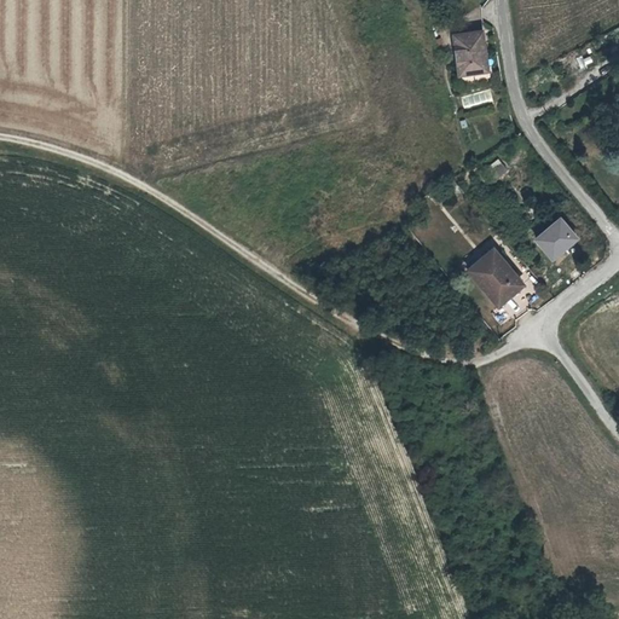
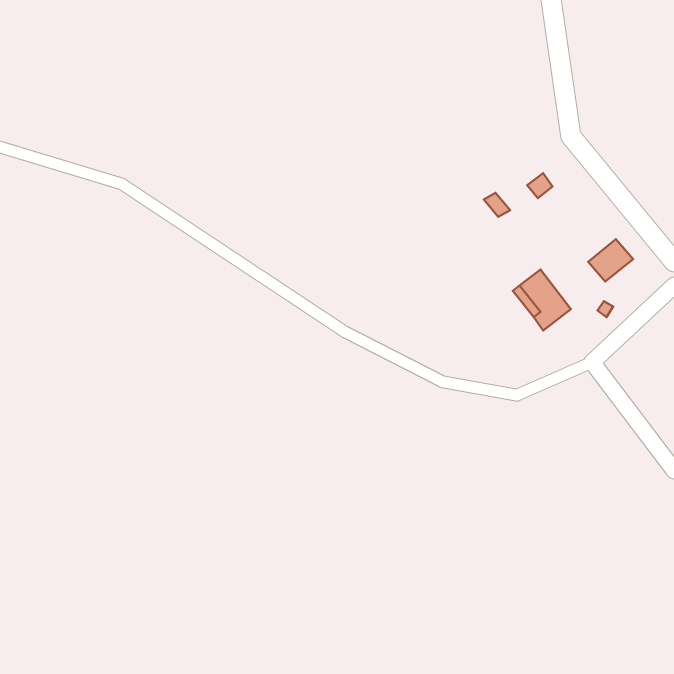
building: [455,34,485,76] -> none

